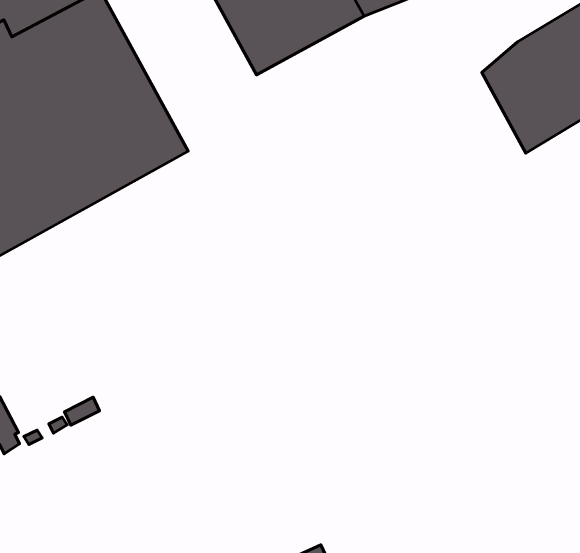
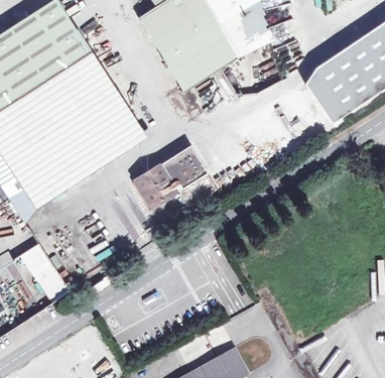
building: none -> [131,145,206,208]

